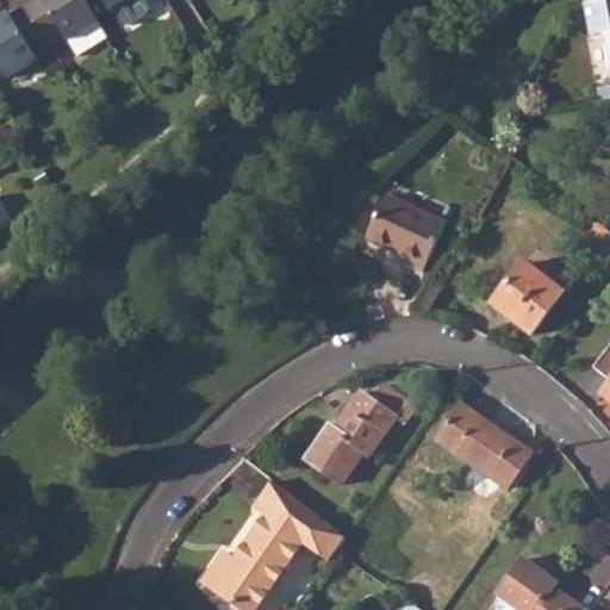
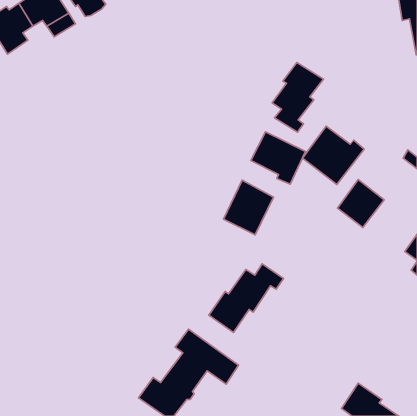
building: none -> [272,62,323,132]
building: none -> [302,126,364,184]
building: none -> [224,180,273,235]
building: [435,403,529,487] -> none

